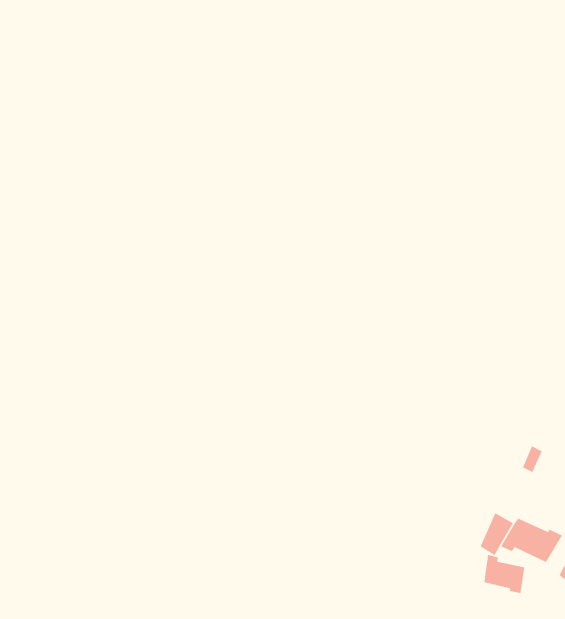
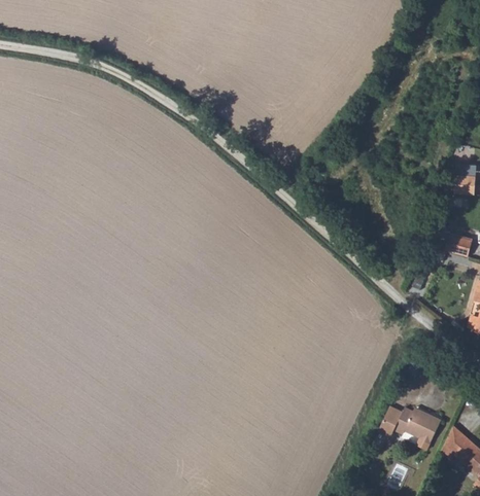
building: [484,554,525,594] -> none

